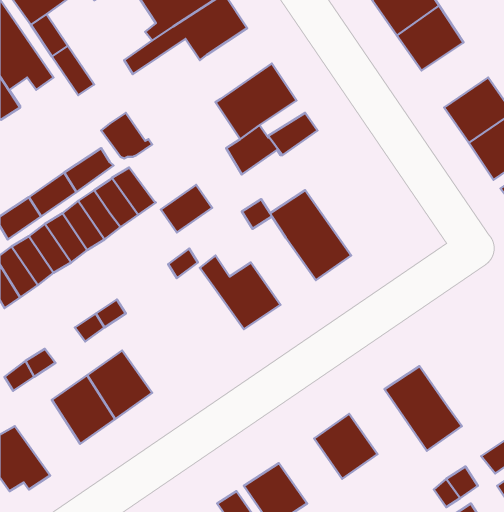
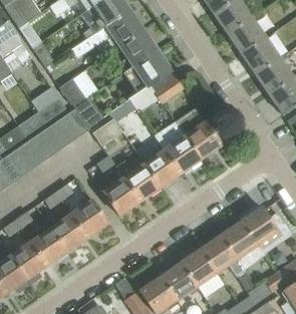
building: none -> [119,29,157,69]
building: none -> [242,37,280,74]
building: none -> [176,107,222,159]
building: none -> [144,148,182,187]
building: none -> [103,177,140,216]
building: none -> [71,199,108,237]
building: none -> [241,207,278,245]
building: none -> [201,235,246,277]
building: none -> [10,241,47,284]
building: none -> [158,263,197,300]

